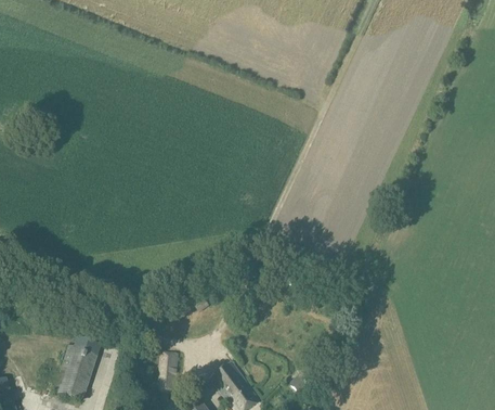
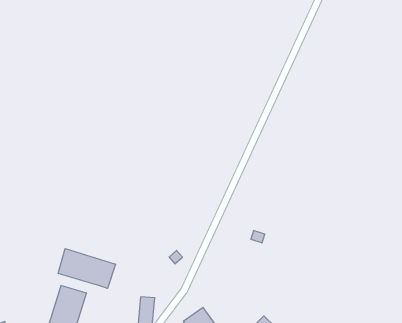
building: none -> [58,249,115,288]

